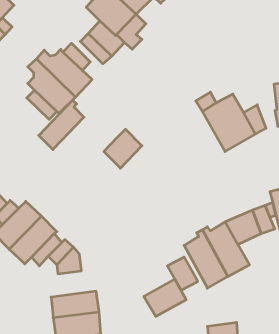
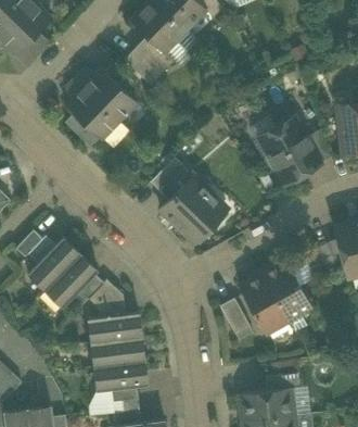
building: [39,100,84,150] -> none
building: none -> [158,176,225,241]
building: none -> [88,313,141,344]
building: [144,279,186,316] -> none

